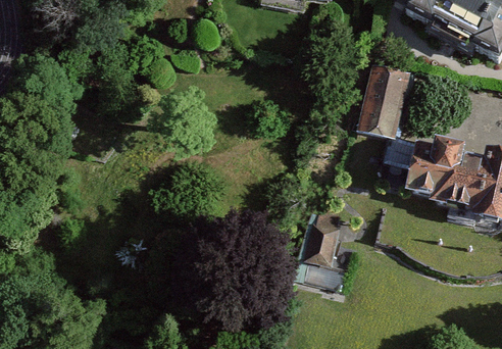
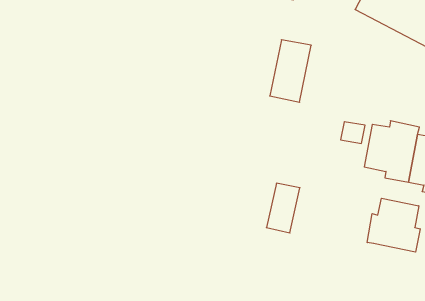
building: [361,63,408,134] -> [270,40,311,102]
building: none -> [367,198,420,252]

